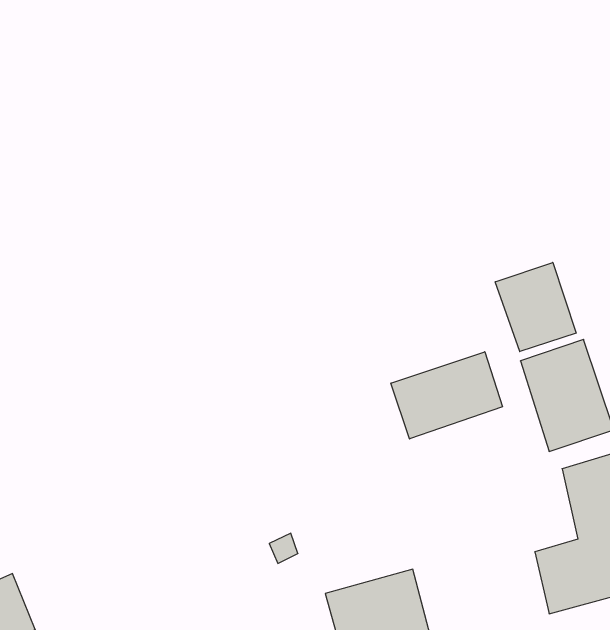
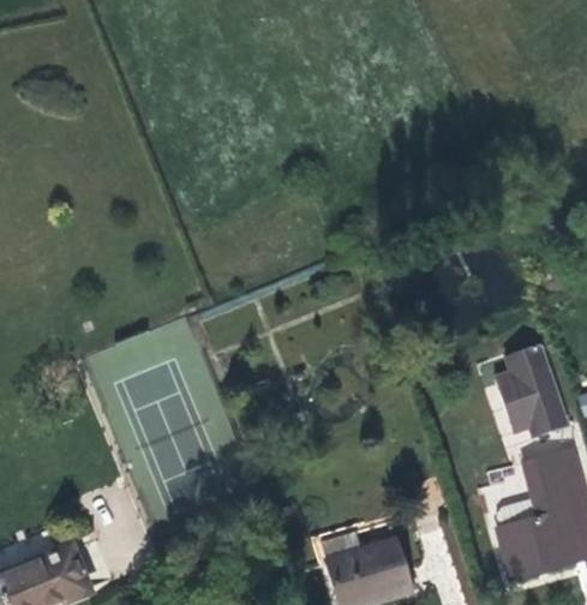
building: [495,262,576,352] -> none
building: [391,352,502,439] -> none

